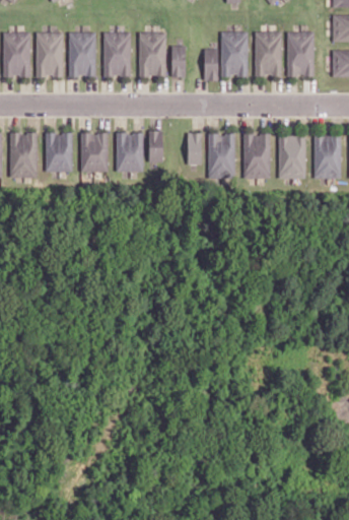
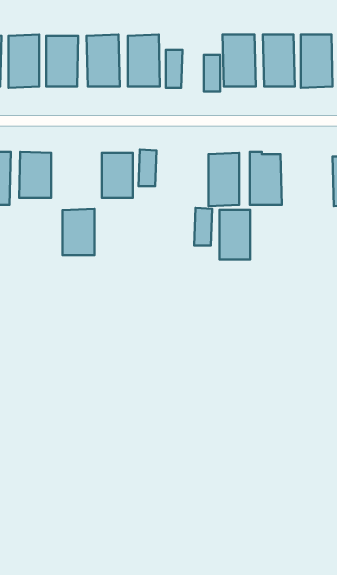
building: [81,132,109,172] -> [63,209,94,255]
building: [187,132,202,165] -> [194,208,212,246]
building: [279,135,305,178] -> [219,210,250,260]

